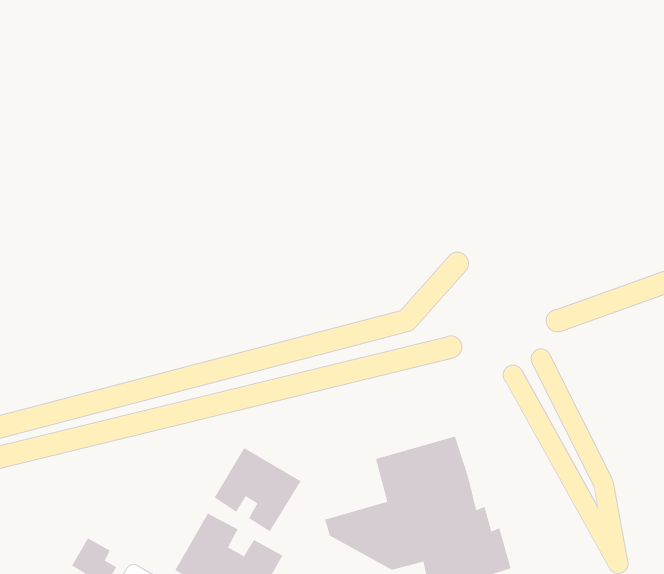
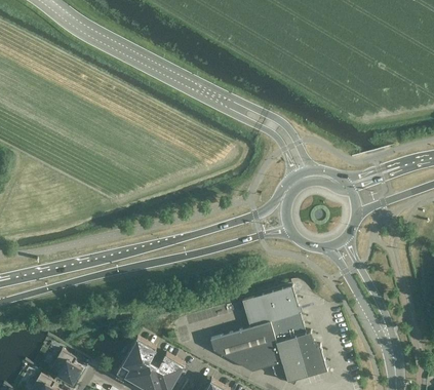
building: [214,447,301,532] -> none

